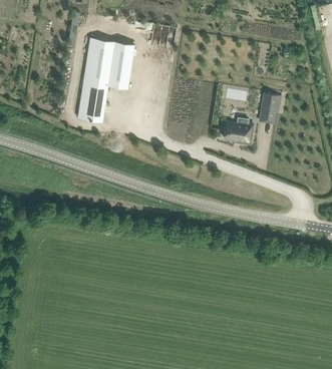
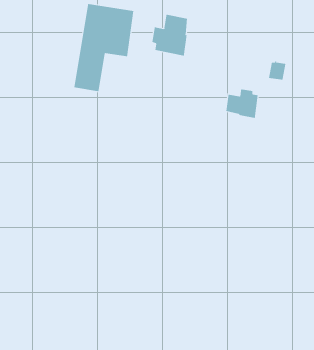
building: none -> [152,14,187,56]

